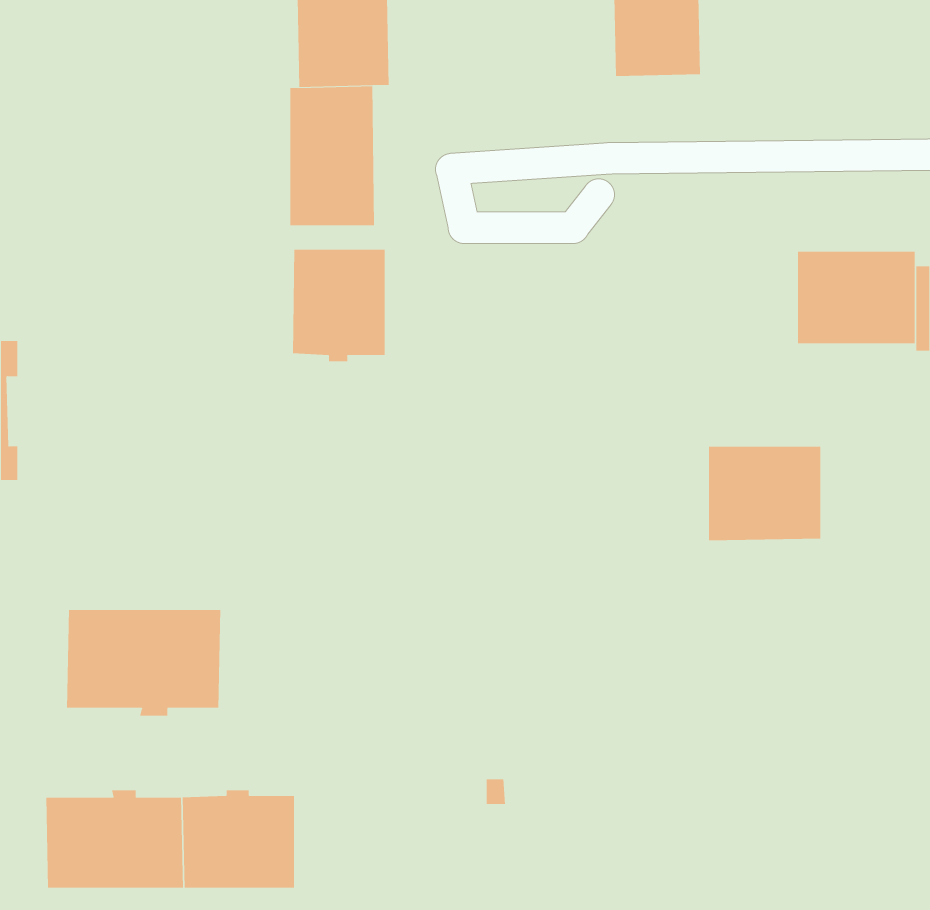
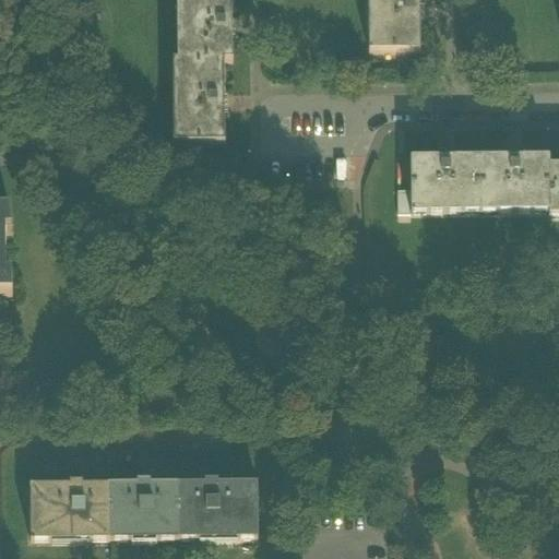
building: [292,249,385,362] -> none
building: [708,446,821,541] -> [411,151,478,207]
building: [67,609,221,717] -> none
building: none -> [177,473,258,533]

